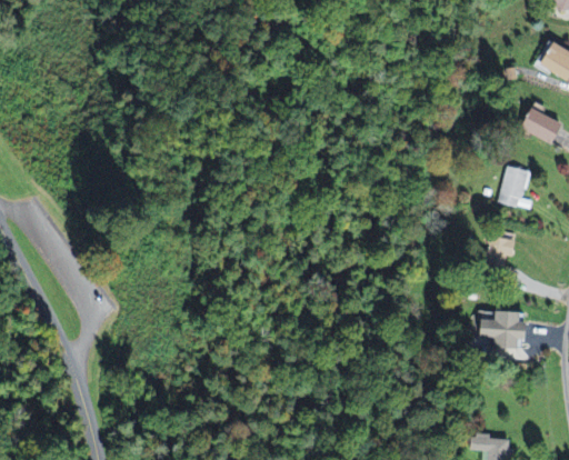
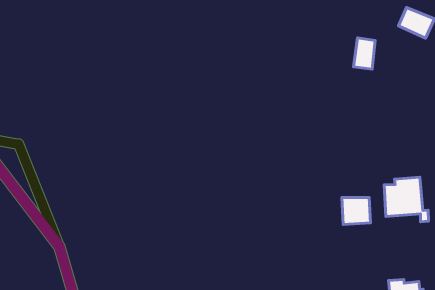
building: [499,166,529,206] -> [354,38,375,69]
building: none -> [342,198,370,224]

